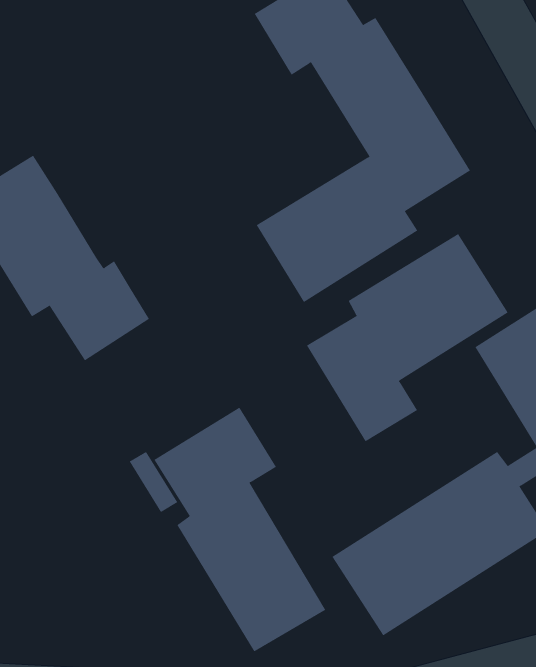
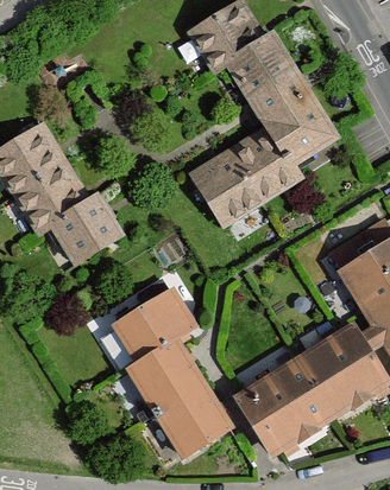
building: [306,233,509,442] -> none

